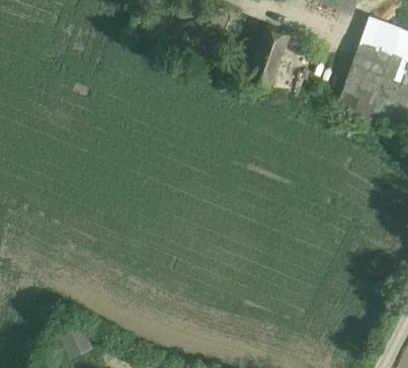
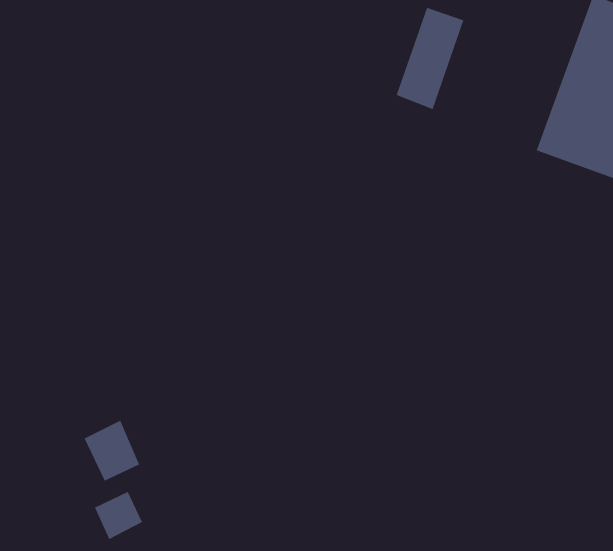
building: none -> [84,420,140,482]

